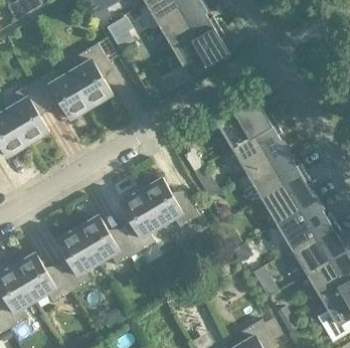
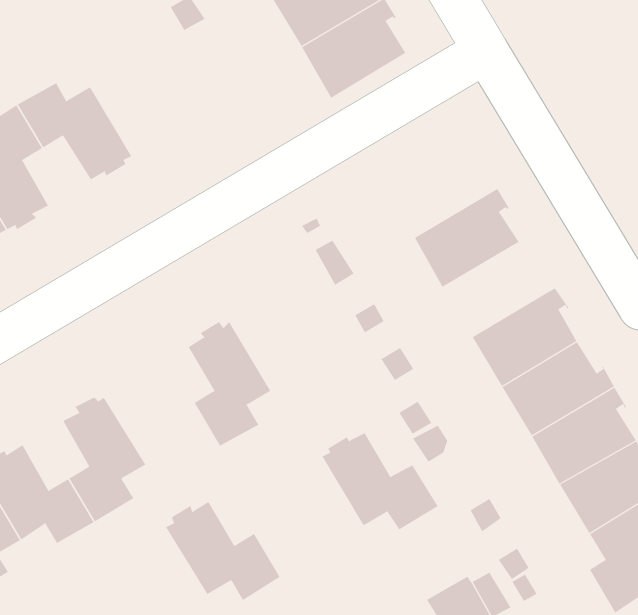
building: [68,43,111,108] -> none
building: [216,101,275,149] -> none
building: [246,151,304,199] -> none
building: [139,179,198,228] -> [321,433,439,530]
building: [75,216,134,267] -> [165,501,280,601]

